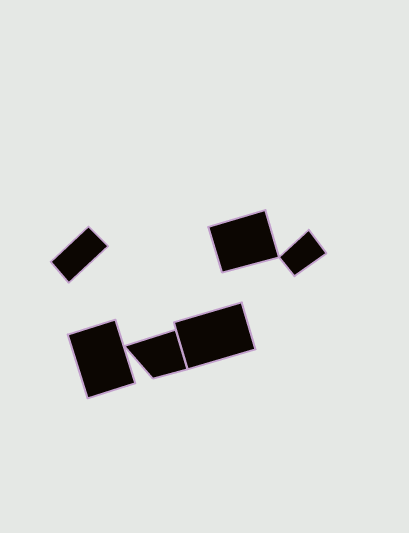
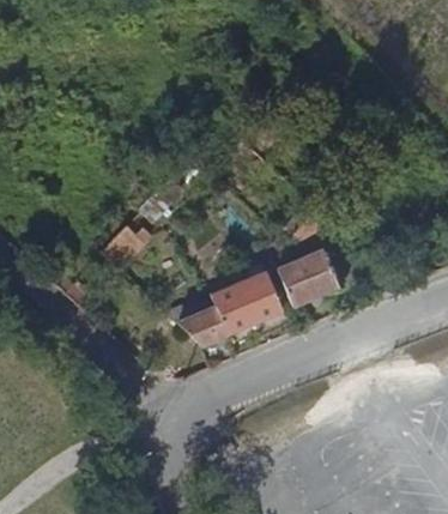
building: [208,210,279,272] -> [277,249,338,304]
building: [68,320,135,398] -> none

